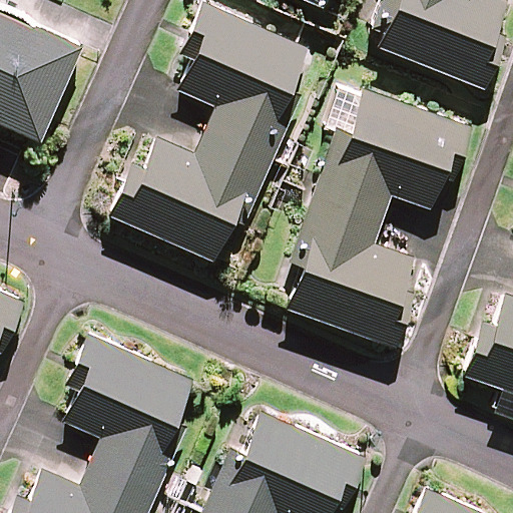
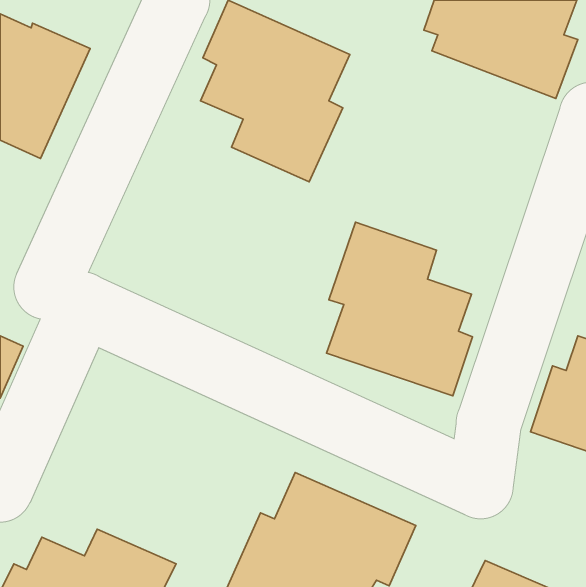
building: [313,91,471,220] -> none
building: [109,131,273,262] -> none
building: [63,335,192,492] -> none

